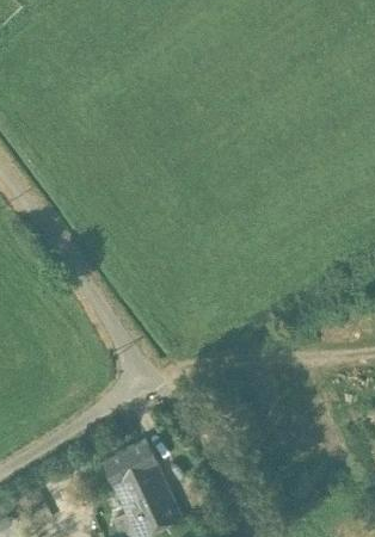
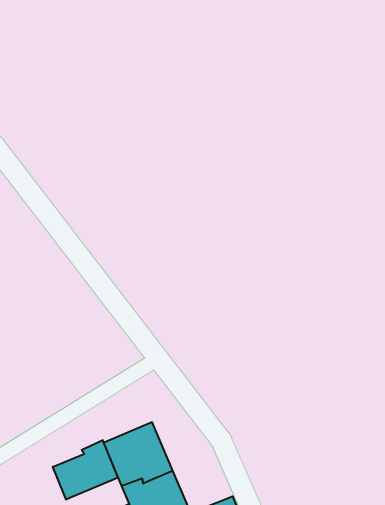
building: none -> [53,440,118,500]

